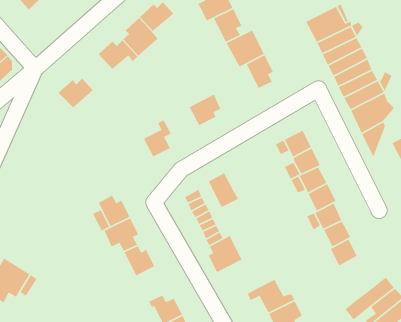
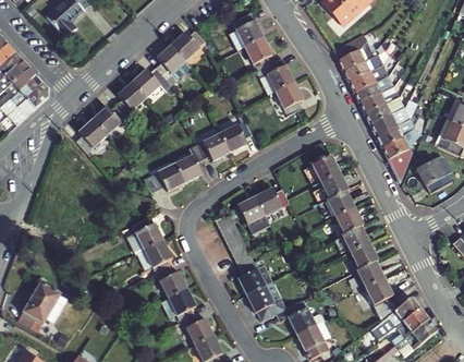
building: none -> [115,82,145,117]
building: none -> [75,119,107,153]
building: none -> [195,133,229,160]
building: none -> [143,164,184,193]
building: none -> [254,188,289,215]
building: none -> [365,278,399,321]
building: none -> [246,281,285,322]
building: none -> [160,288,195,322]

